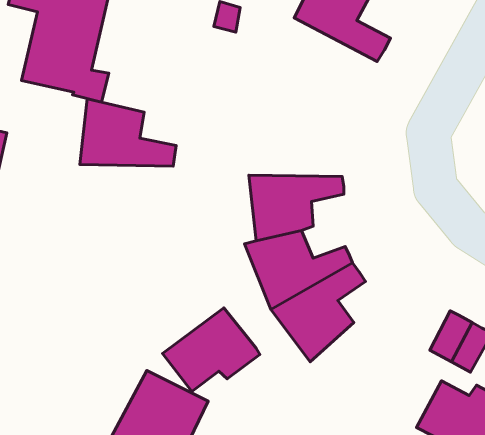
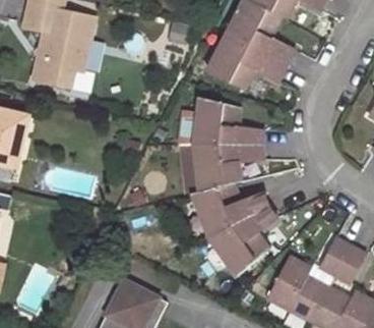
building: none -> [207,34,285,89]
building: [80,99,176,166] -> [195,98,262,145]
building: [163,308,260,391] -> none
building: none -> [267,258,329,320]

